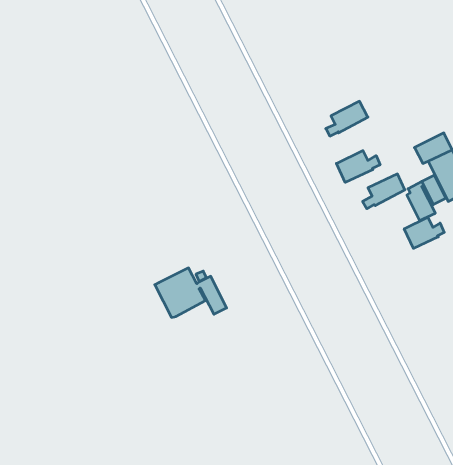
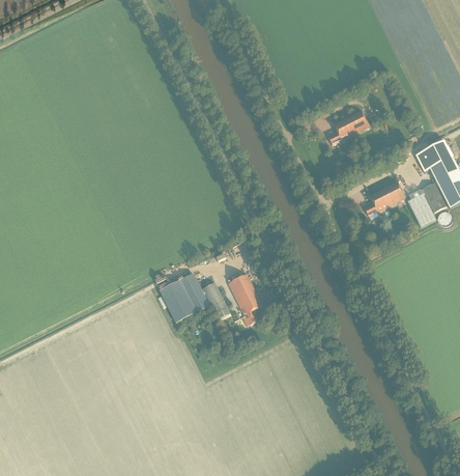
building: [336,151,380,182] -> none
building: [404,217,444,248] -> none
building: none -> [228,274,262,326]

